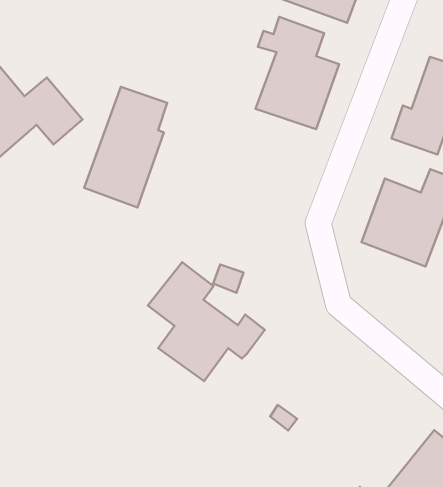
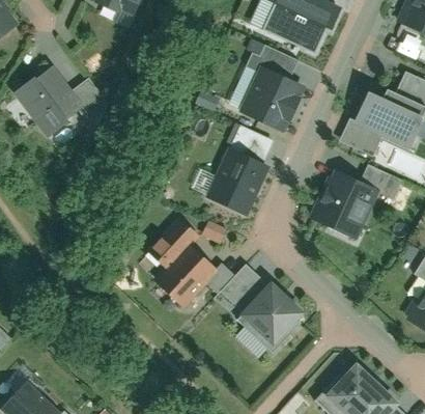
building: [84,87,167,208] -> [206,125,273,215]
building: none -> [221,263,306,353]

